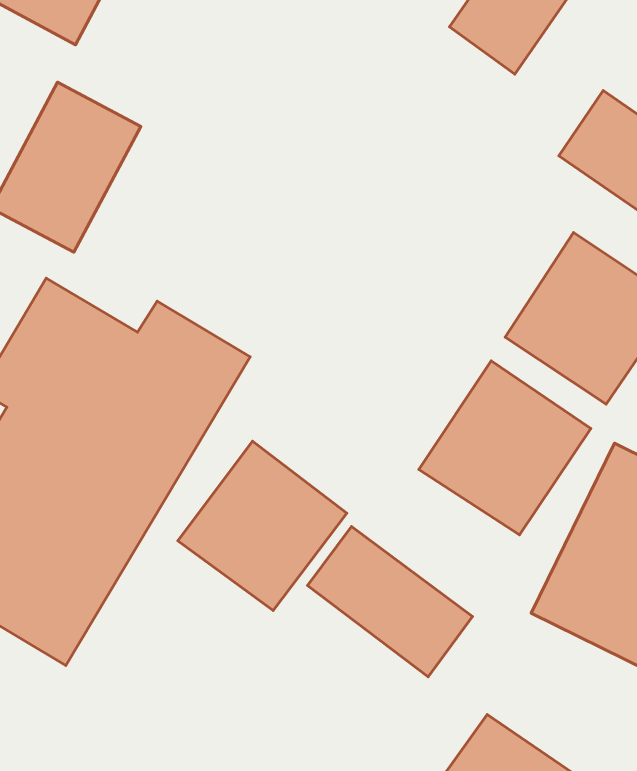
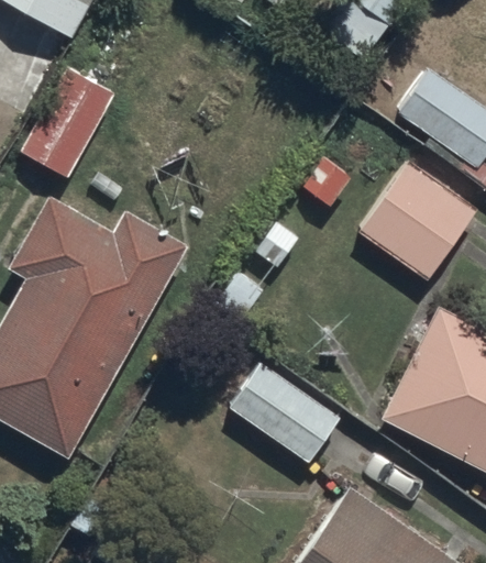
building: [419,361,591,535] -> none
building: [178,441,347,611] -> none

